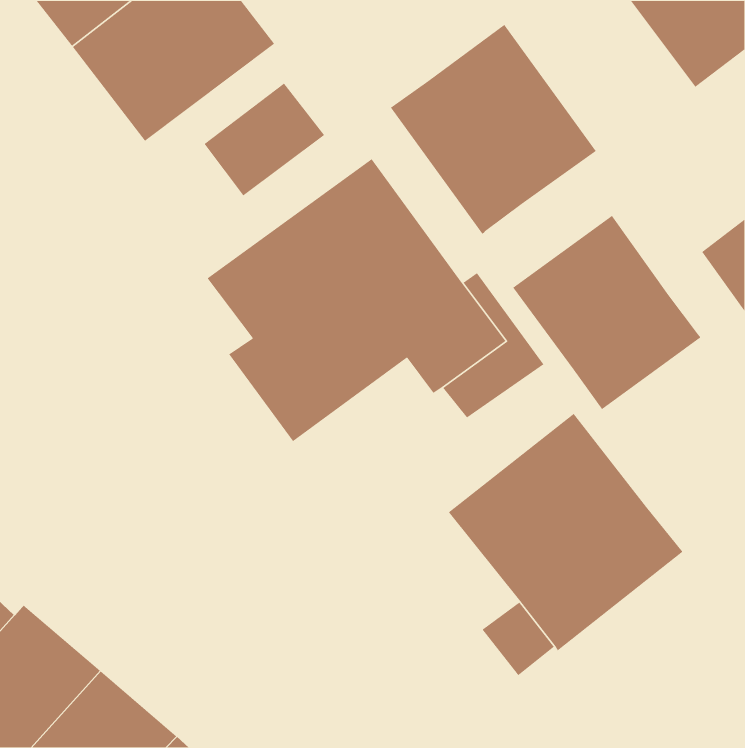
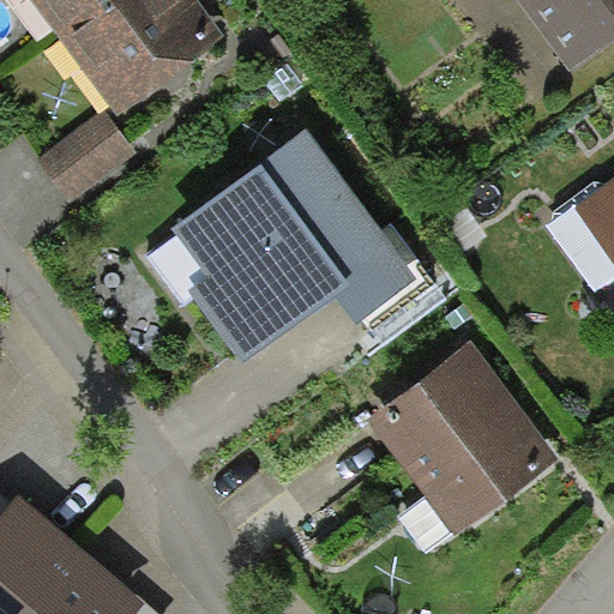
building: [390,24,597,235] -> none
building: [204,82,325,197] -> [36,109,136,203]
building: [512,215,702,410] -> none

